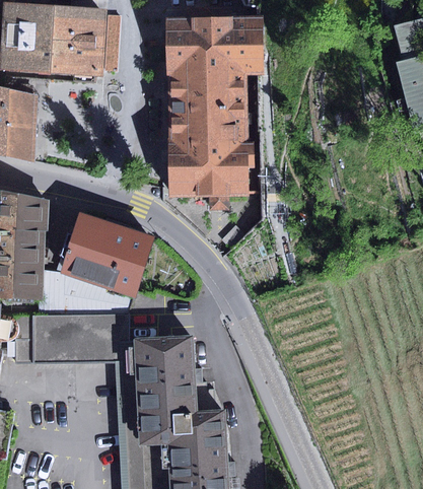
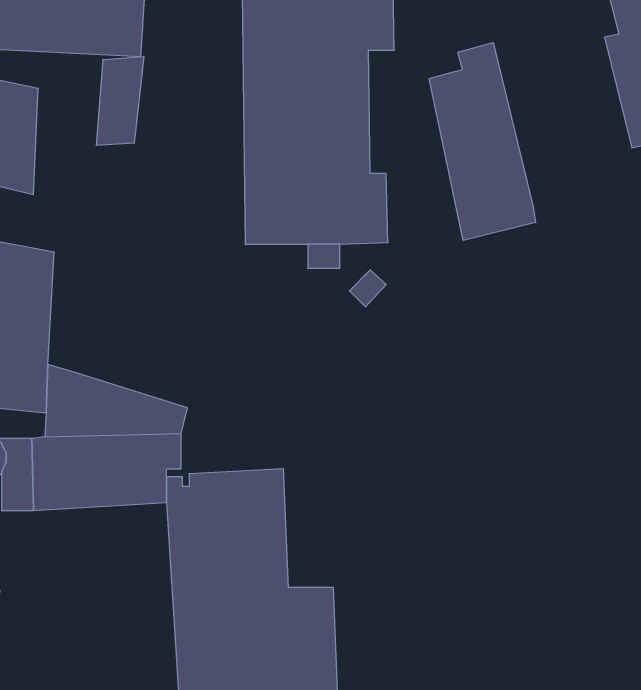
building: none -> [429,43,536,240]
building: none -> [97,56,144,145]
building: [60,213,152,296] -> none

